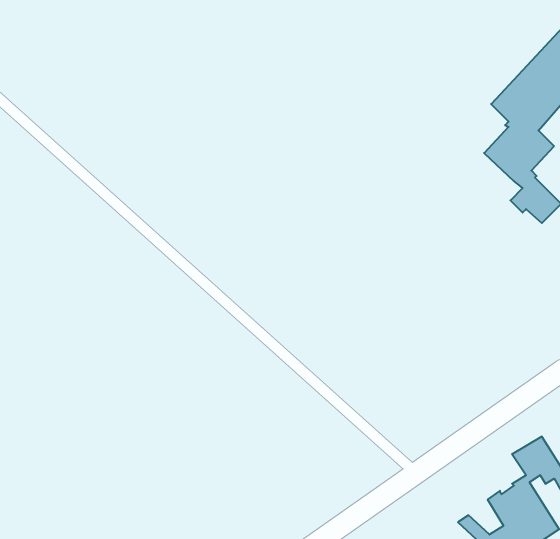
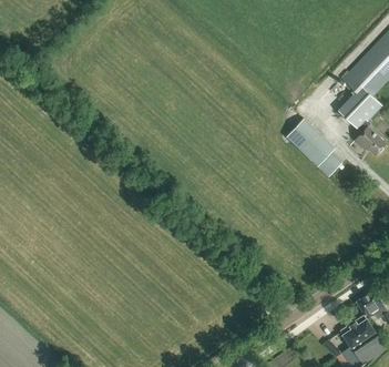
building: none -> [286,118,341,175]

